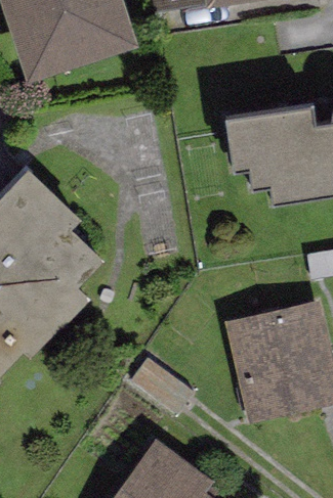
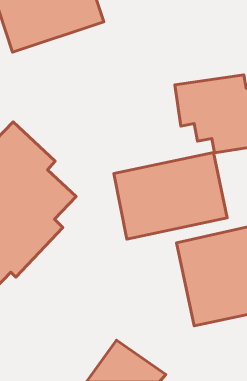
building: none -> [114,153,227,239]

